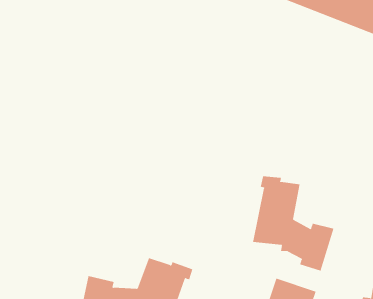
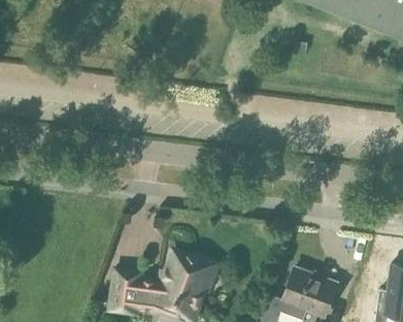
building: [252,176,334,271] -> none

